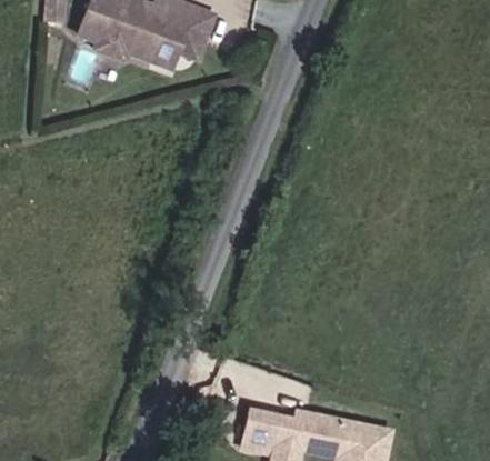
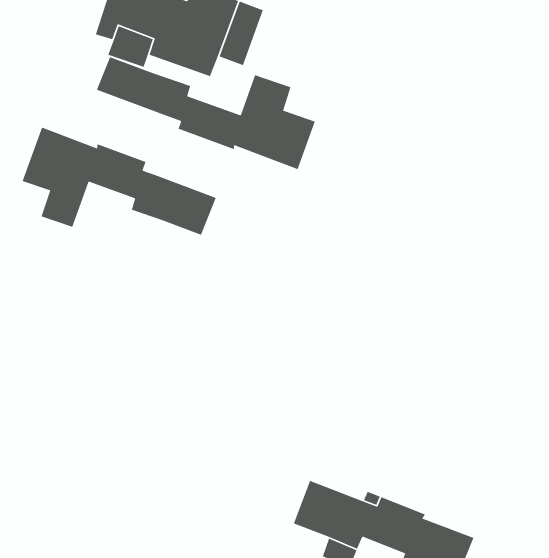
building: none -> [96,56,316,170]
building: none -> [21,127,217,236]

